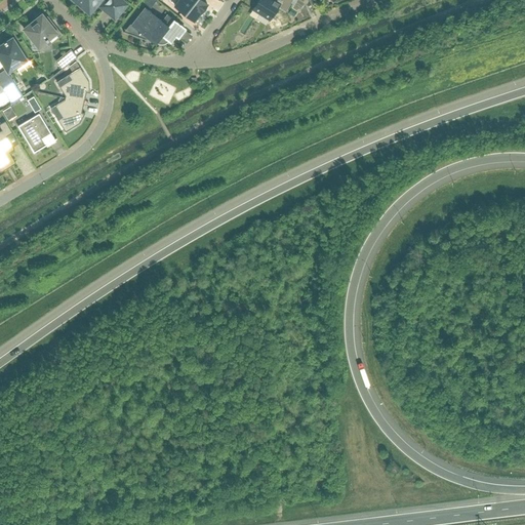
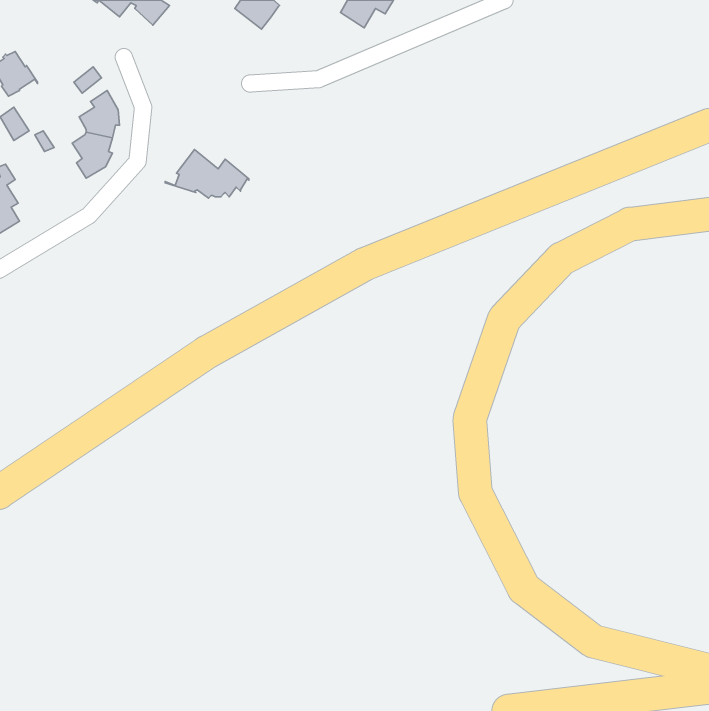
building: [122,7,184,43] -> [165,149,249,198]
building: [23,14,59,46] -> none
building: [16,113,49,152] -> none

